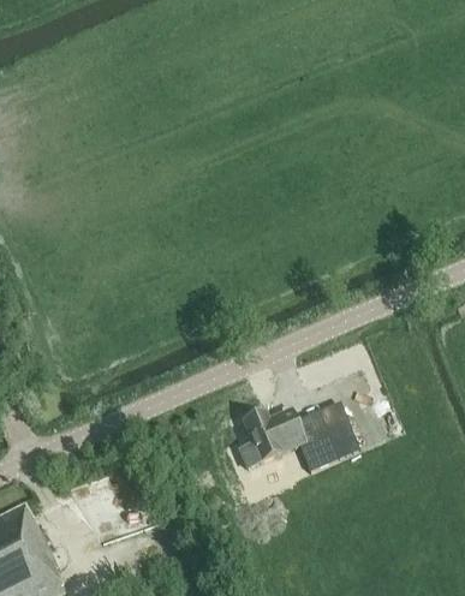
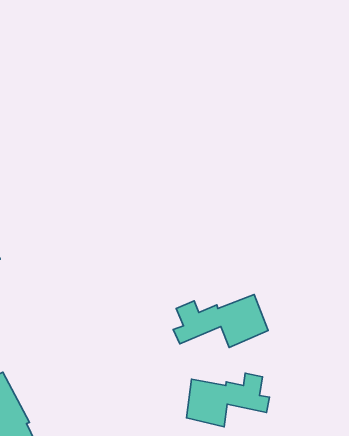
building: none -> [187,373,269,427]

